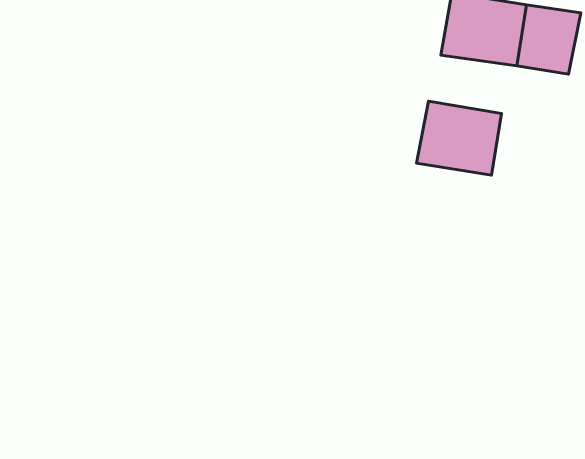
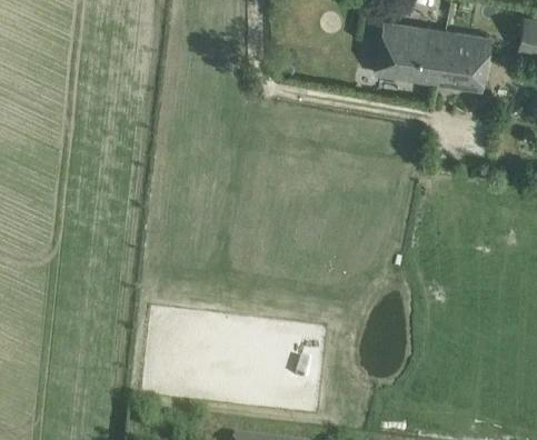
building: [417,101,502,175] -> none

